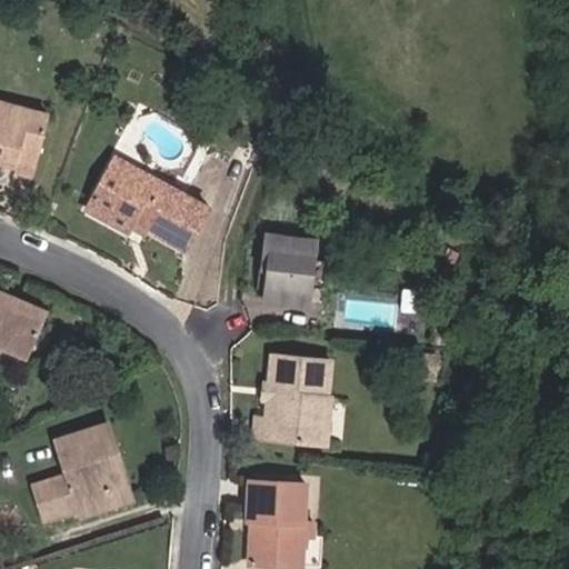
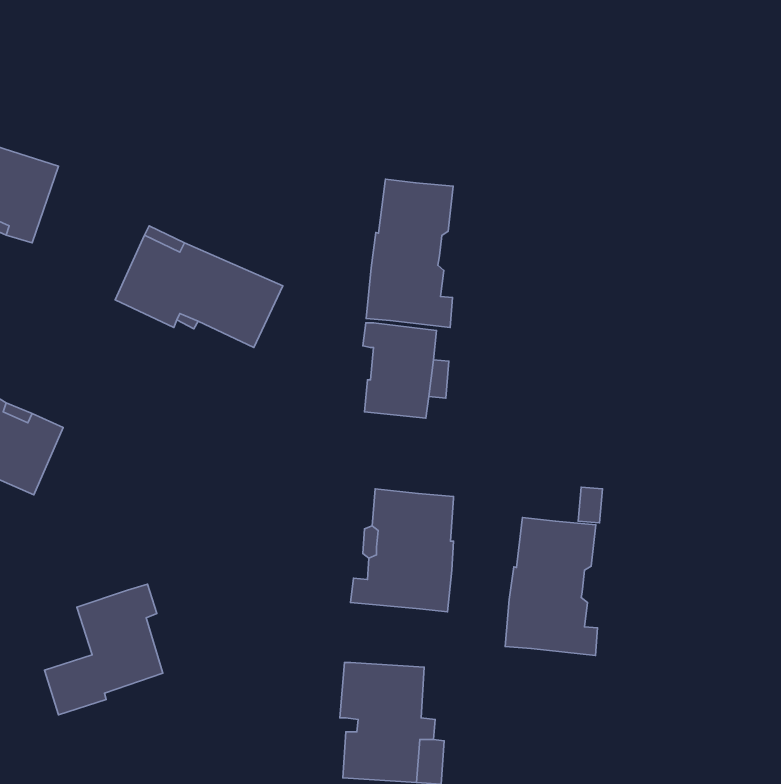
building: none -> [366,179,453,328]
building: none -> [505,518,597,656]
building: [76,443,131,515] -> none

